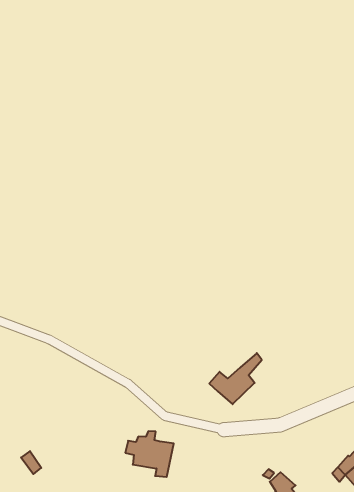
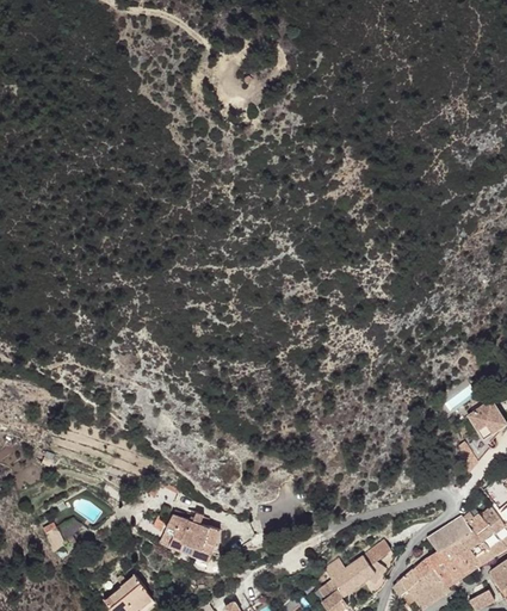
building: [209,353,262,404] -> [326,539,388,594]

